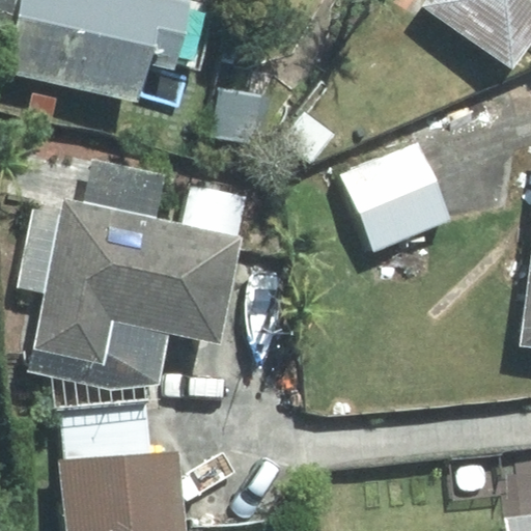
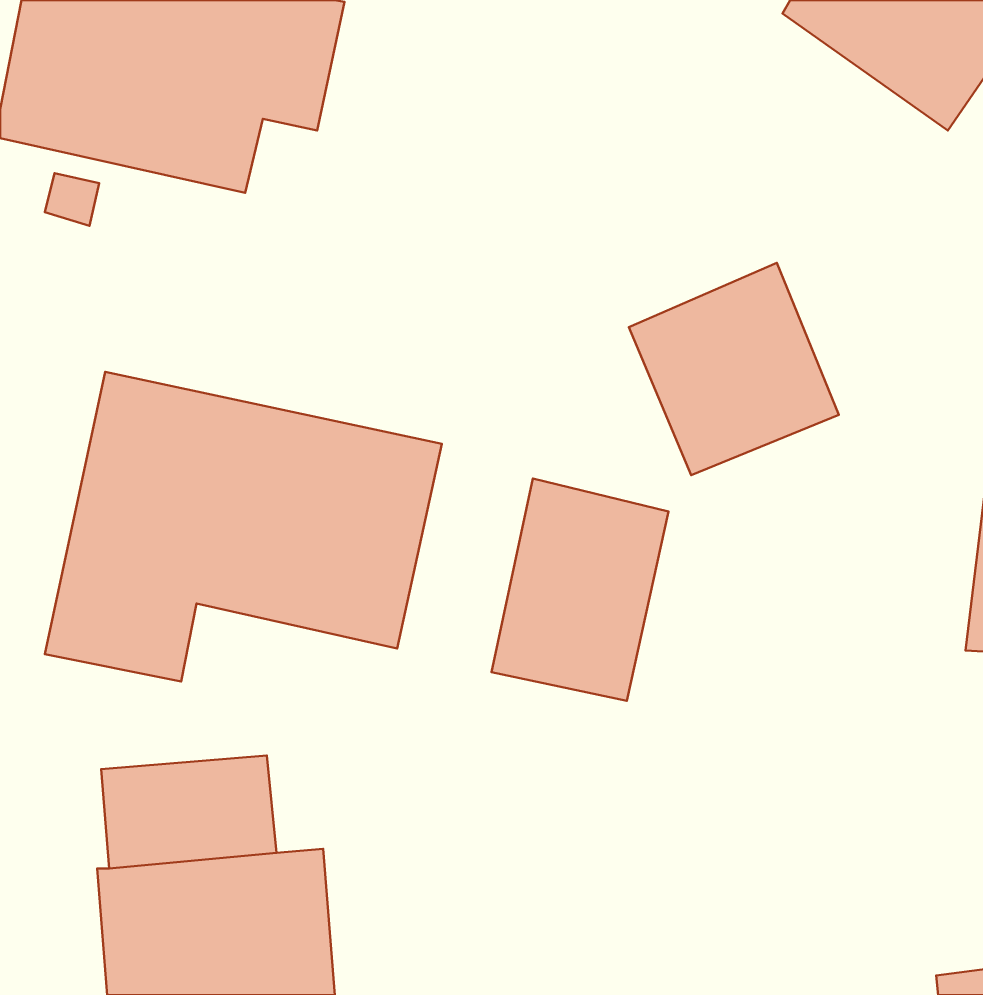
building: none -> [492,479,669,701]

